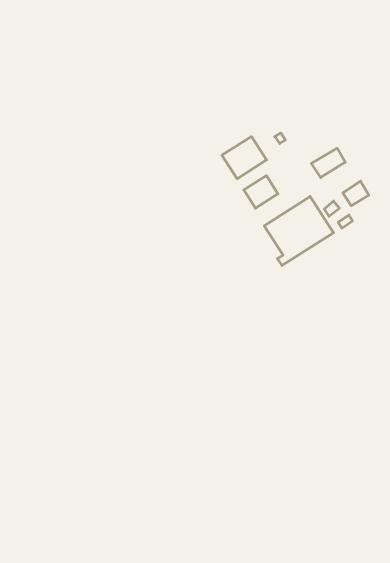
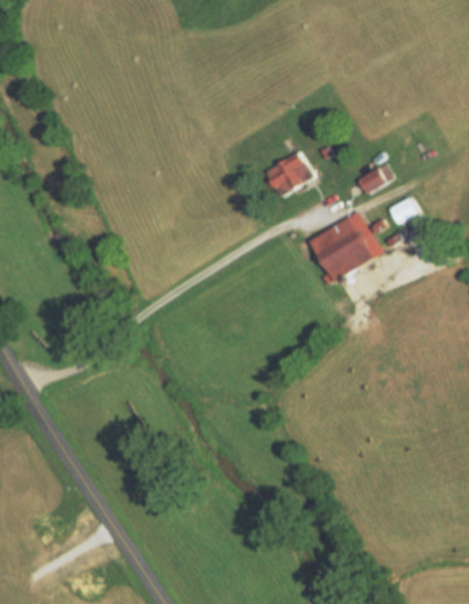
building: [244,176,278,208] -> none

